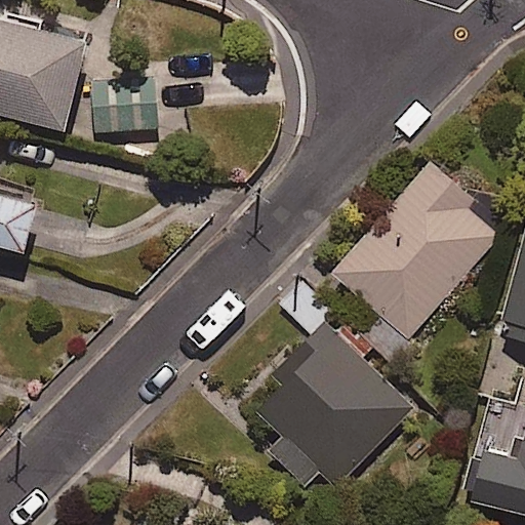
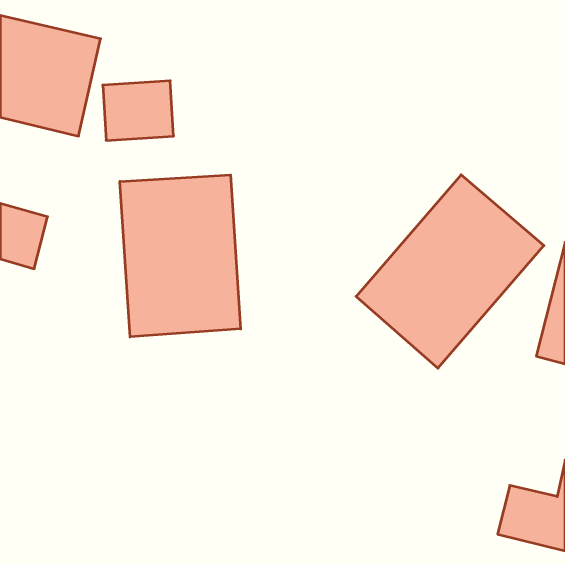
building: none -> [120,175,241,337]
building: [246,323,413,500] -> none

